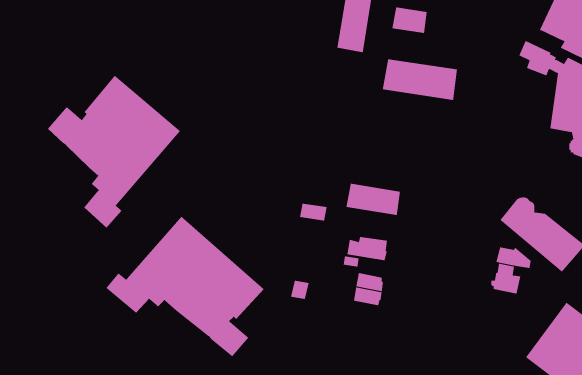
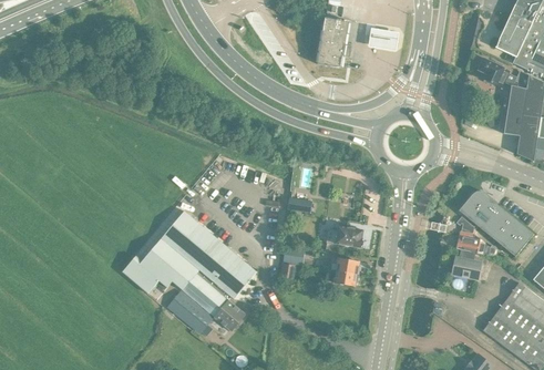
building: [382,59,458,101] -> none
building: [47,75,181,229] -> none
building: [346,183,400,216] -> none
building: none -> [166,290,214,335]

